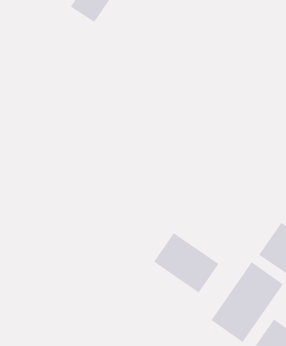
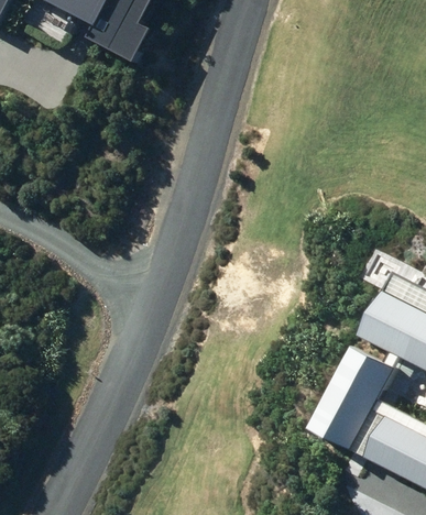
building: [153,232,219,294] -> none

